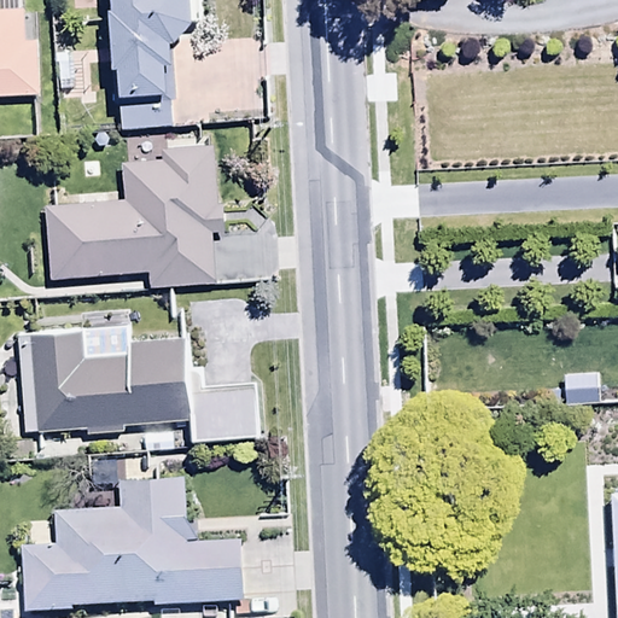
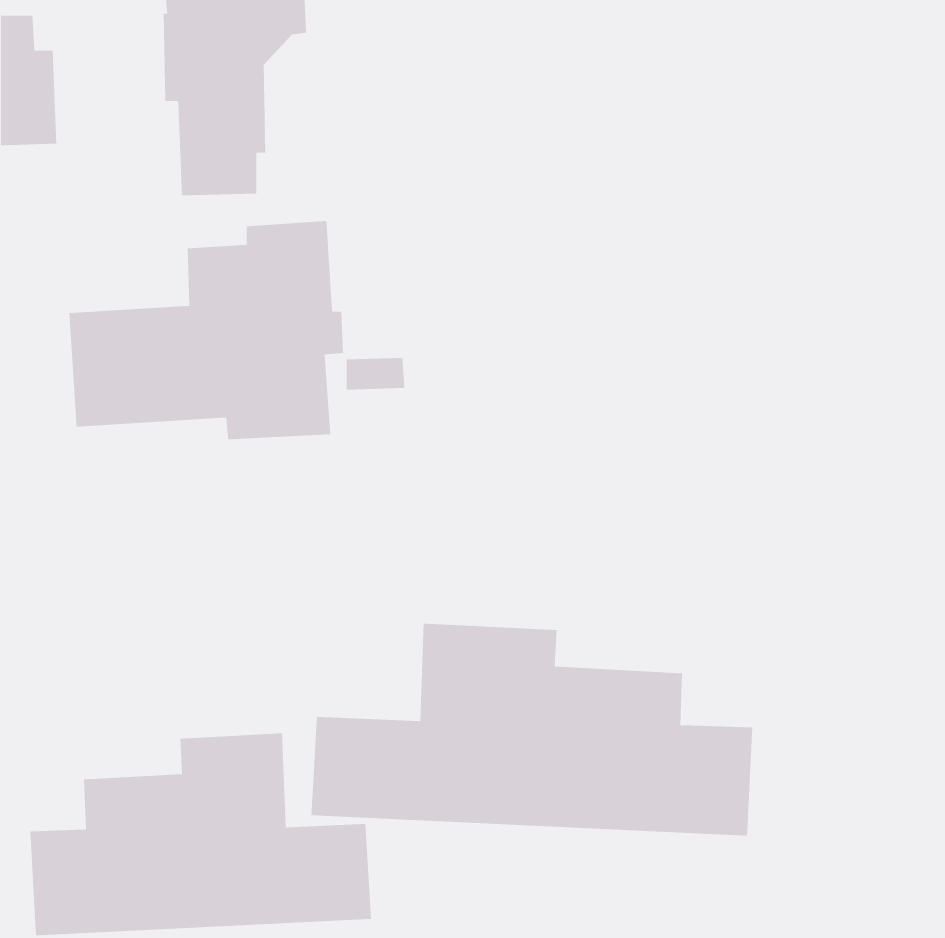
building: [18,325,257,441] -> none
building: none -> [311,623,753,836]

